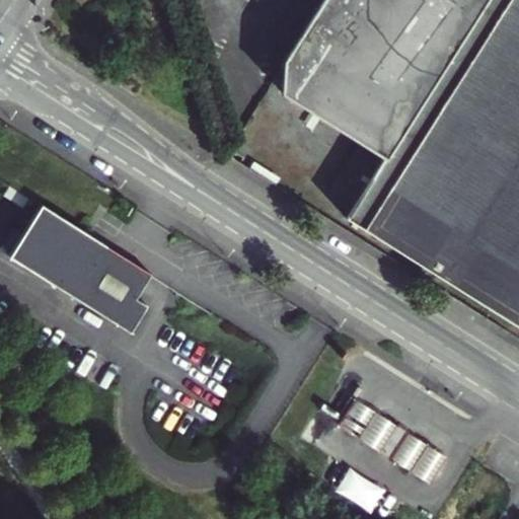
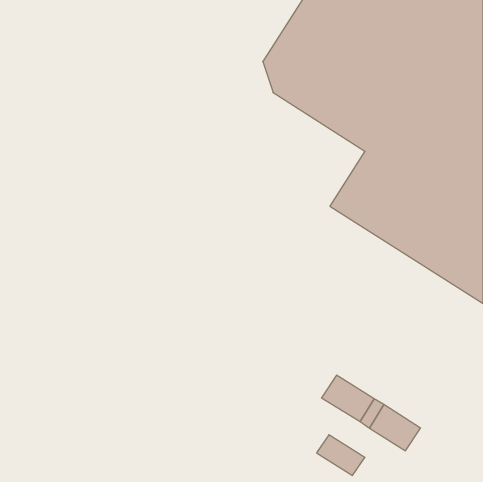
building: [12,206,154,333] -> none

